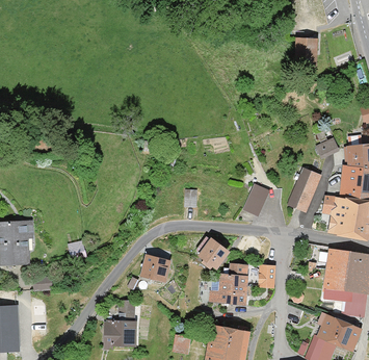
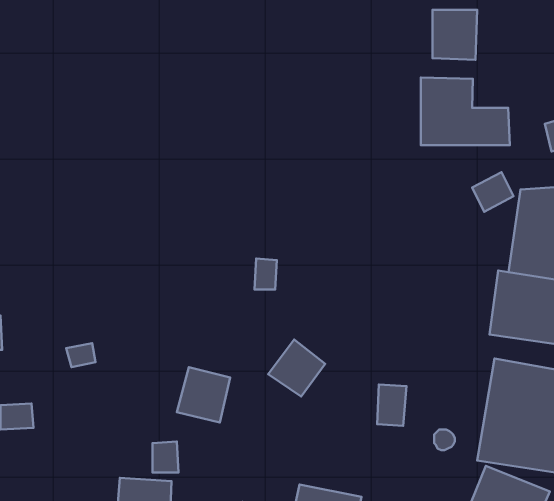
building: none -> [421,78,510,145]
building: [291,166,322,210] -> none
building: [245,181,273,214] -> none
building: [209,273,246,304] -> none

